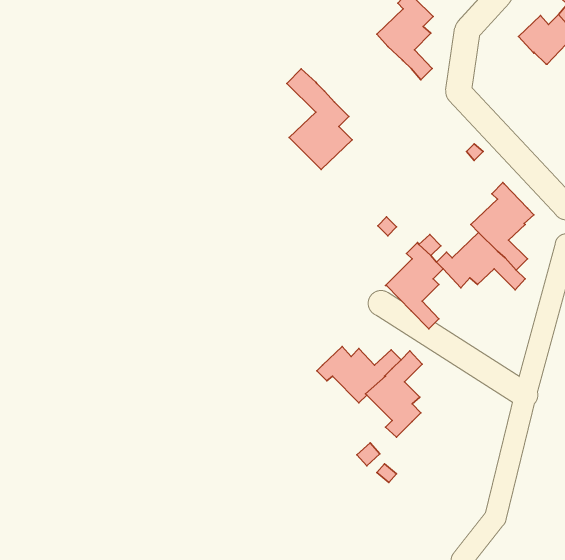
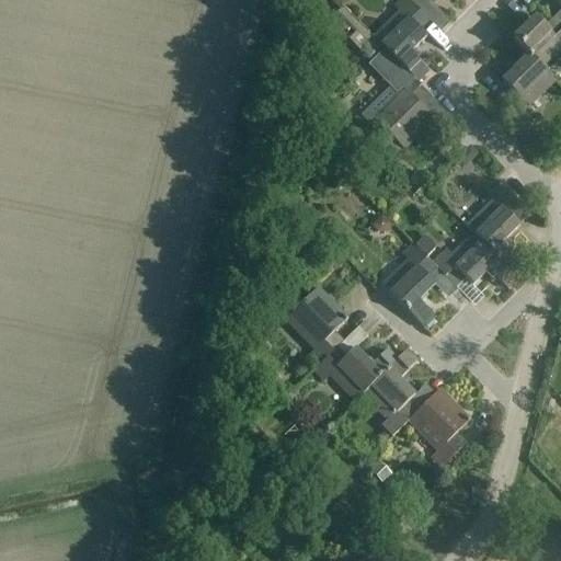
building: none -> [500,51,556,119]
building: [287,69,352,170] -> [370,46,435,146]
building: none -> [286,285,348,362]
building: none -> [409,386,471,463]

